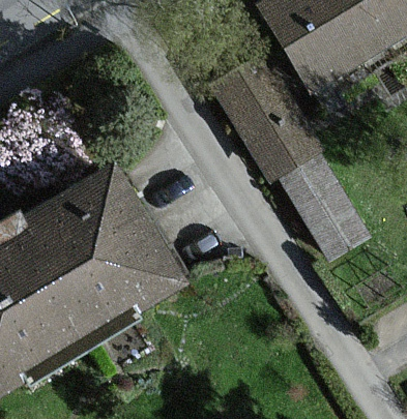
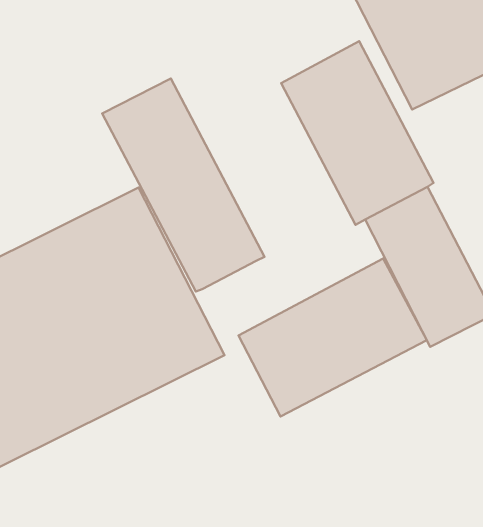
building: none -> [102,79,264,291]
building: none -> [238,258,427,416]

